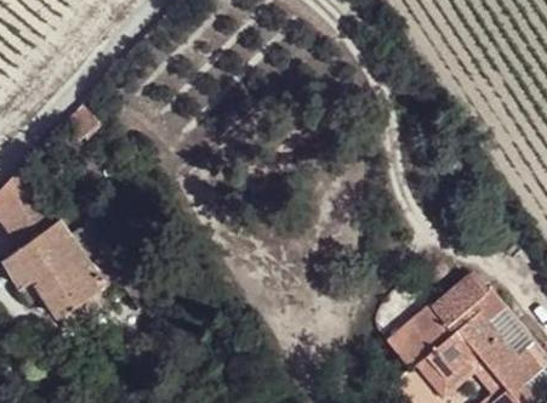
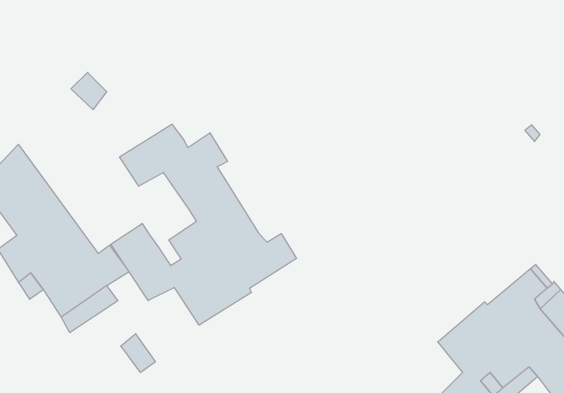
building: none -> [111,124,297,325]

